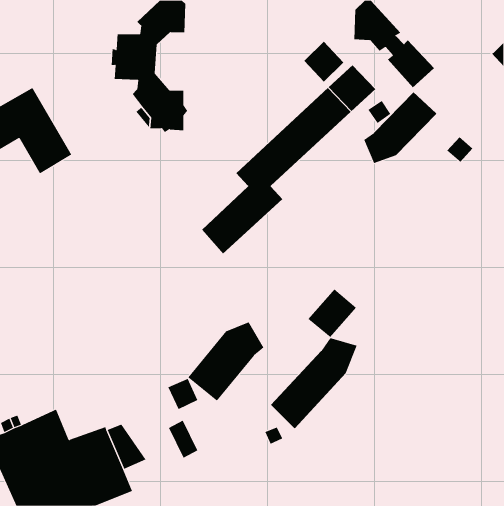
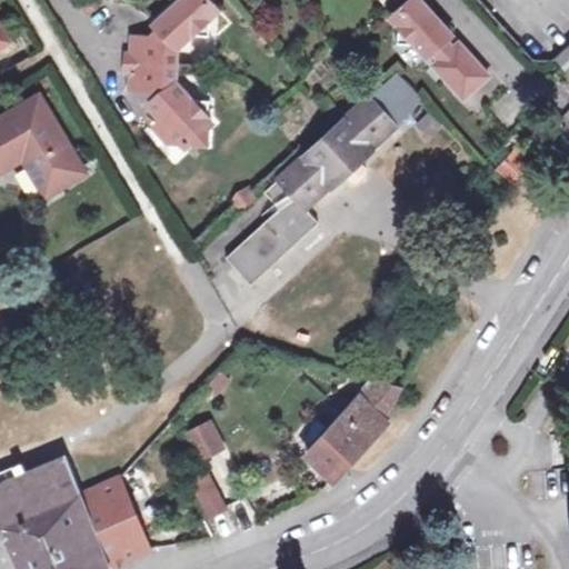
building: [303,41,344,83] -> none
building: [364,91,437,164] -> none
building: [308,289,357,338] -> none
building: [188,322,264,401] -> none

